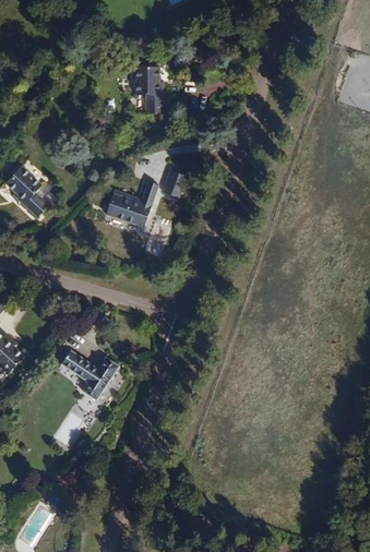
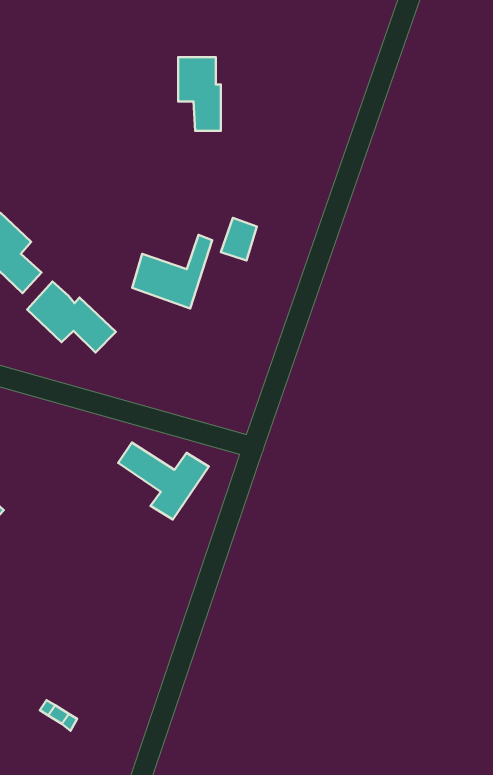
building: none -> [27,281,116,353]
building: [60,351,118,400] -> [118,442,209,519]

